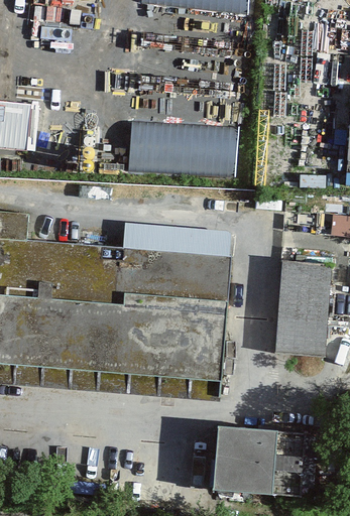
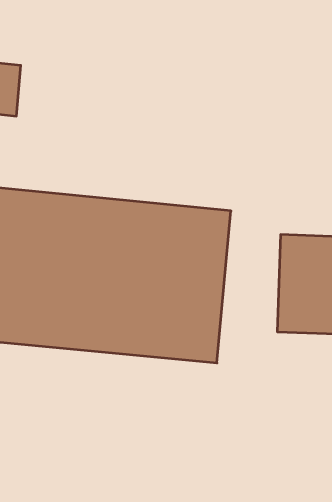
building: [128,123,234,174] -> none
building: [215,420,307,501] -> none

